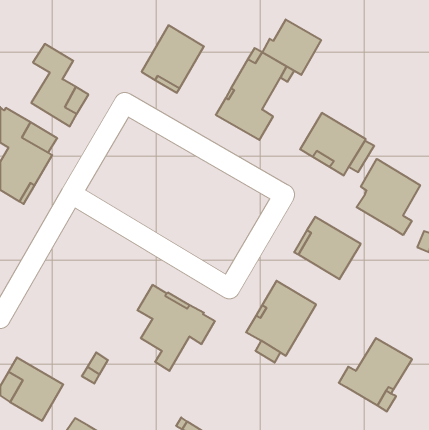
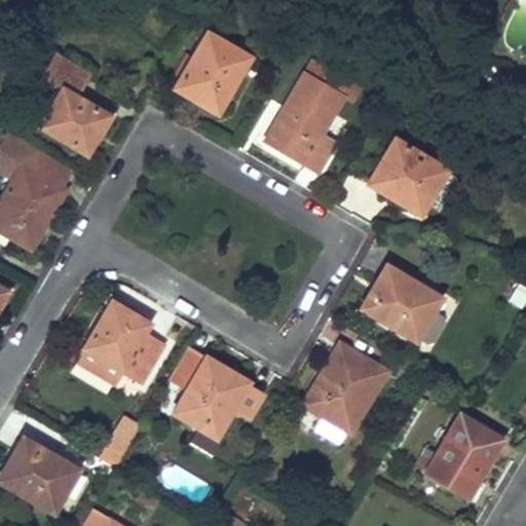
building: [262,19,321,75] -> none
building: [357,159,420,235] -> none
building: none -> [76,300,165,384]

